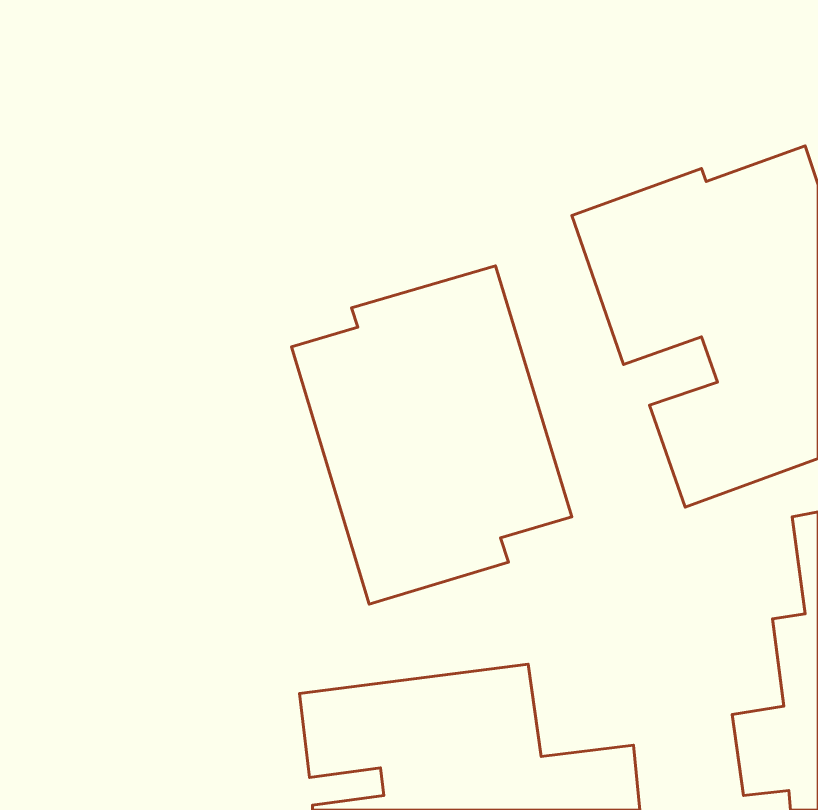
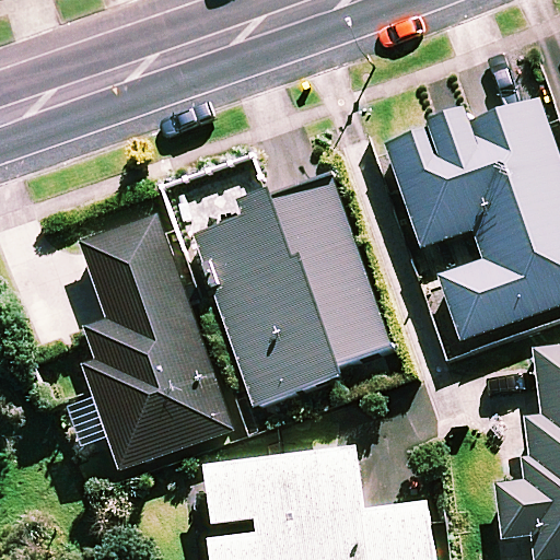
building: none -> [72,215,232,469]

